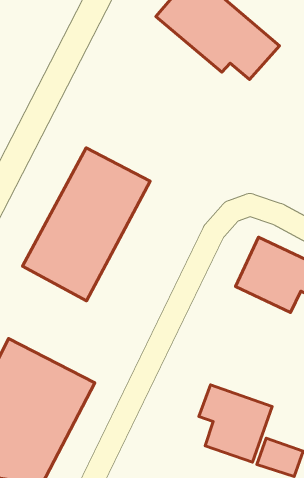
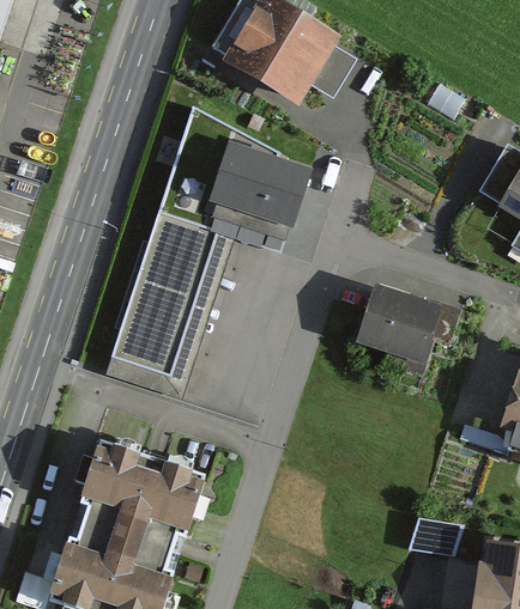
building: none -> [158,104,307,252]
building: [199,385,272,462] -> none

